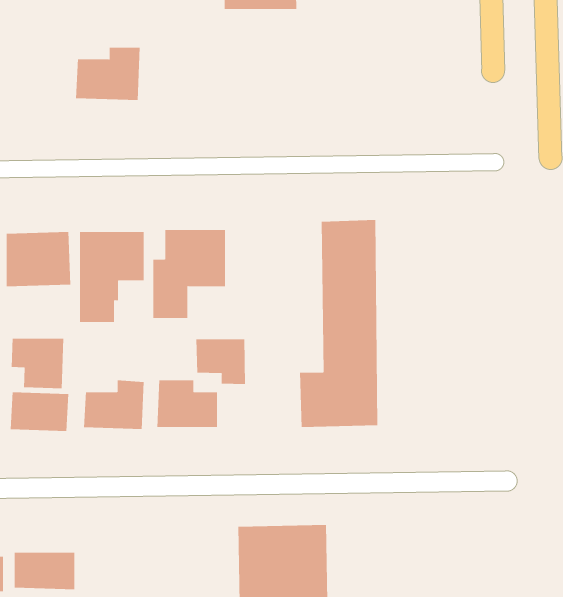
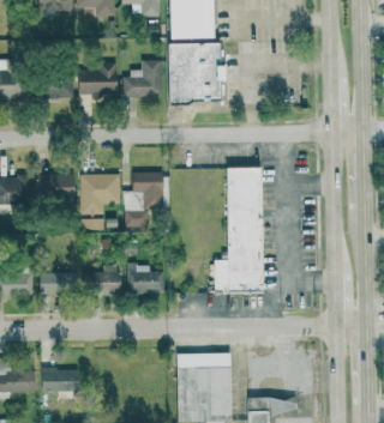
building: none -> [168,42,223,103]
building: none -> [125,60,163,96]
building: none -> [42,74,74,98]
building: [11,338,64,389] -> none
building: [196,338,246,385] -> none

